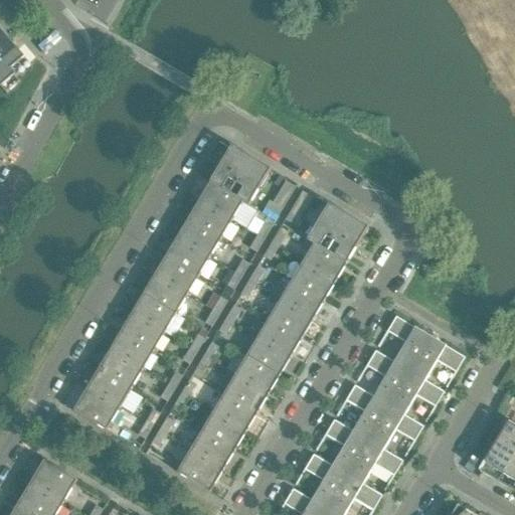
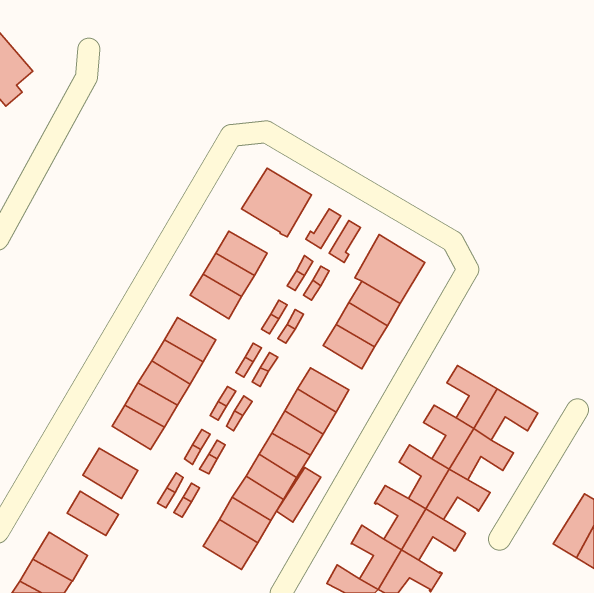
building: [197,180,241,218] -> none
building: [153,254,197,293] -> none
building: [268,298,312,336] -> none
building: [85,367,130,405] -> [67,491,119,535]
building: none -> [276,467,321,522]

